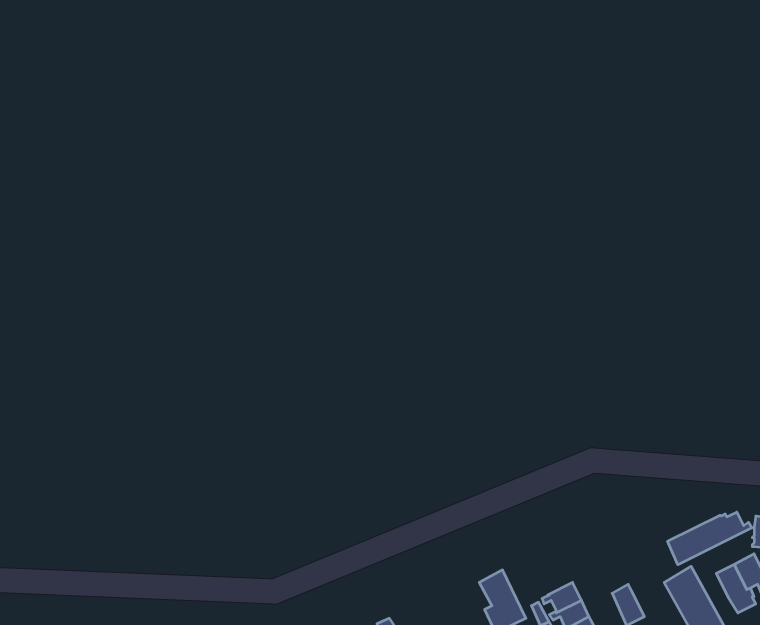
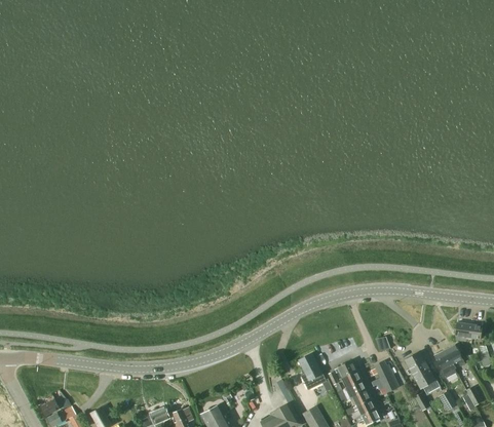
building: [668,512,752,565] -> none

